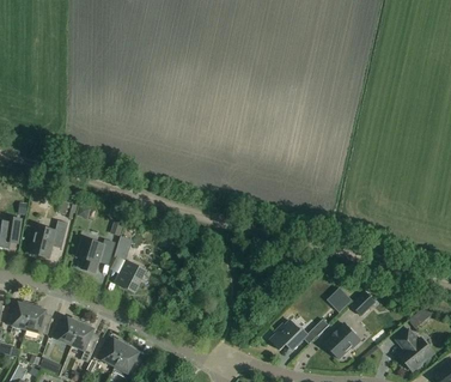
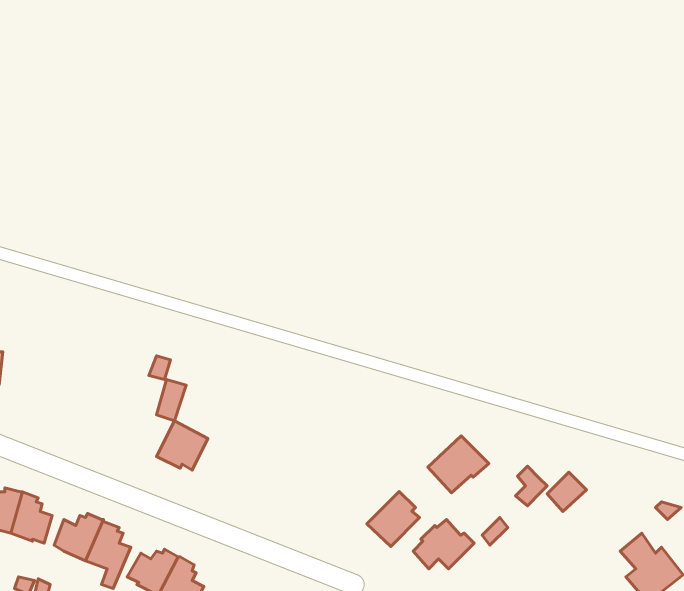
building: [30,220,68,257] -> none
building: [77,237,115,272] -> none
building: none -> [367,491,420,546]
building: [324,323,361,358] -> [428,436,489,493]

